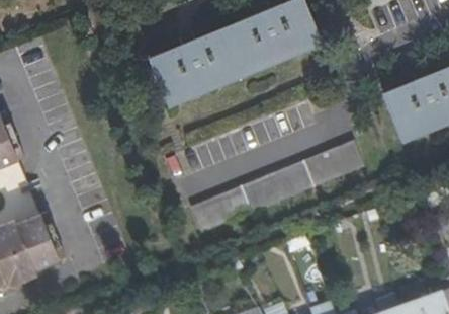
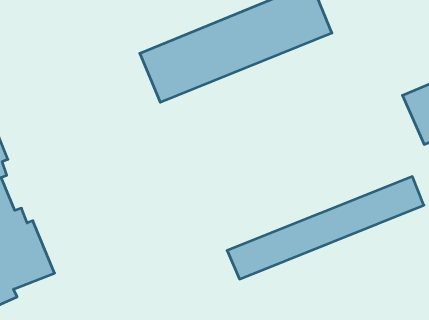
building: [188,143,363,234] -> [227,177,424,279]

